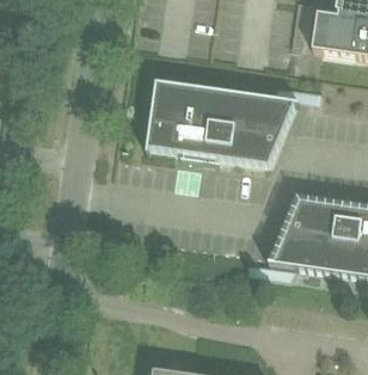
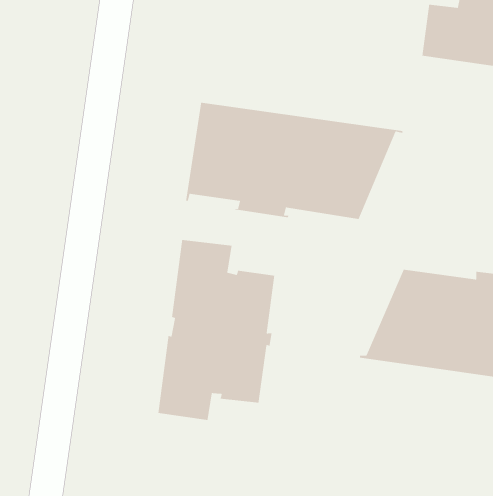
building: none -> [157,239,275,421]

